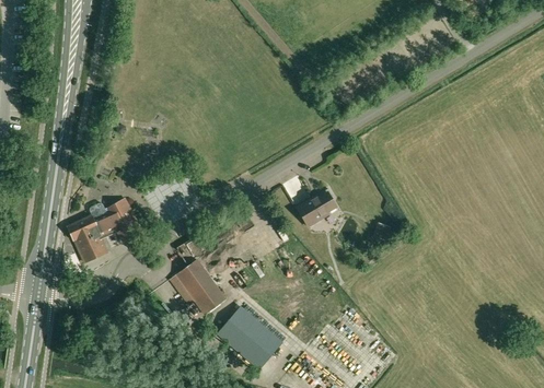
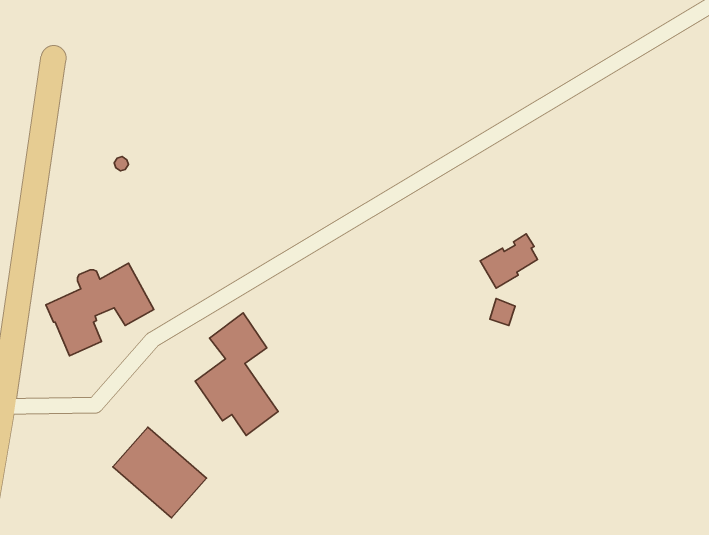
building: [297,188,336,225] -> [480,234,537,288]
building: [217,307,281,369] -> [113,427,207,518]

